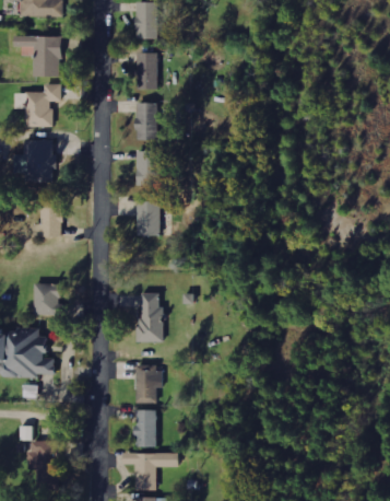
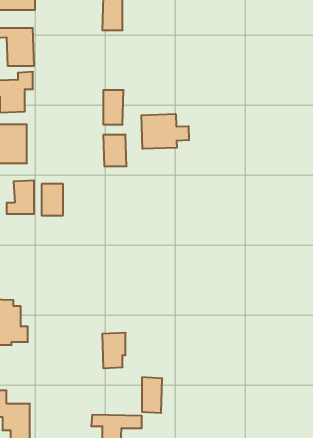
building: [137,53,157,89] -> none
building: none -> [142,114,189,149]
building: [137,201,159,235] -> [42,184,63,215]
building: [33,283,64,315] -> none
building: [139,293,162,342] -> none
building: [134,409,156,447] -> [142,377,162,413]

